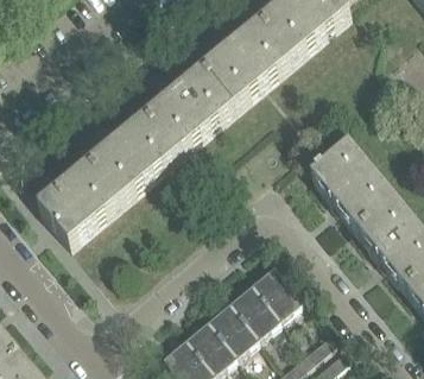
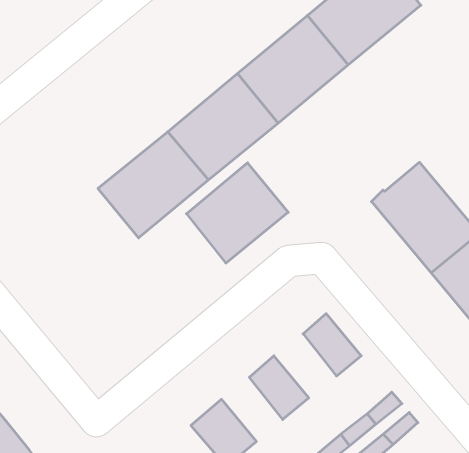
building: [40,162,124,244] -> [186,163,288,263]
building: [234,280,285,333] -> none
building: [191,316,241,368] -> none

